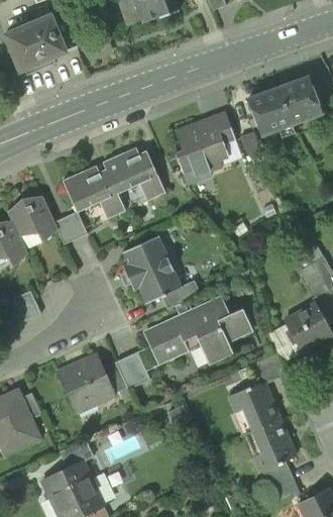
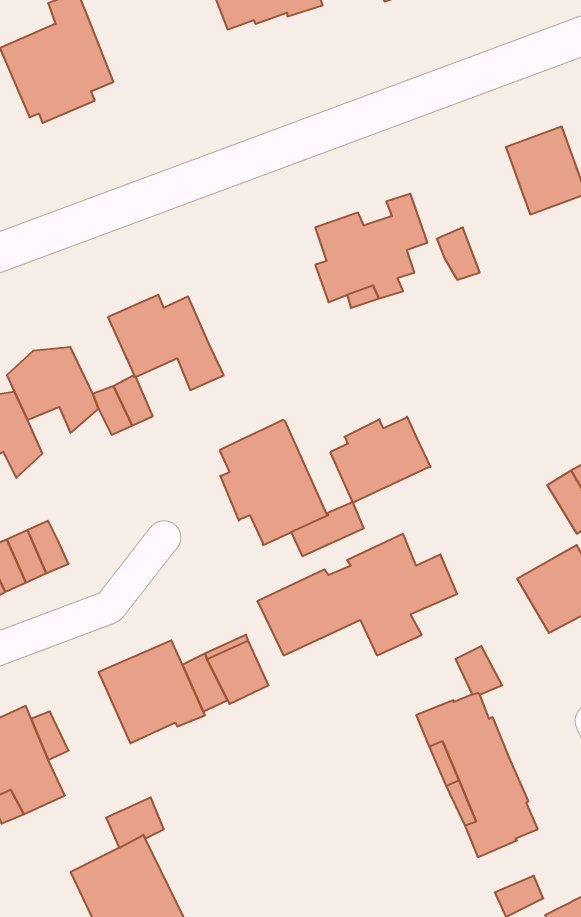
building: [247,88,295,137] -> none
building: [103,149,165,201] -> none
building: none -> [330,417,430,502]
building: [262,462,293,491] -> none

